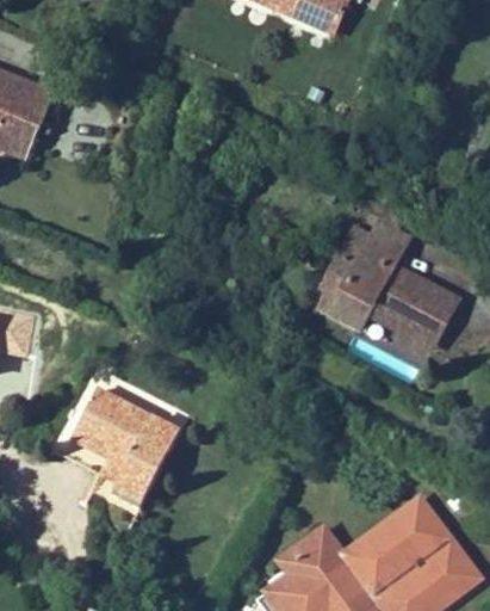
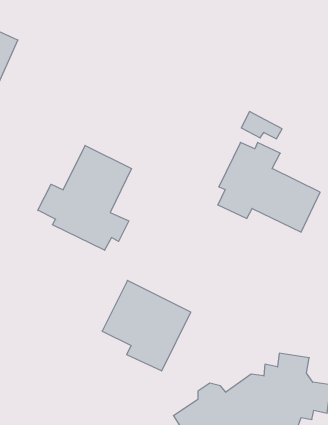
building: none -> [38,145,131,250]
building: [66,389,182,508] -> [102,280,191,371]

